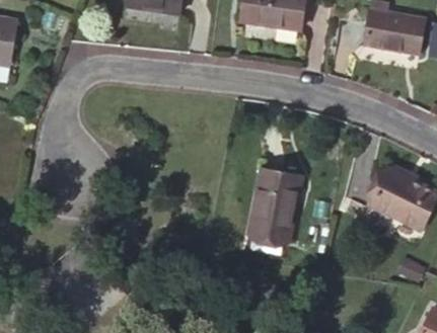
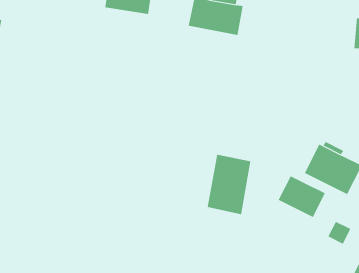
building: [363,11,423,55] -> none
building: none -> [278,175,326,218]

